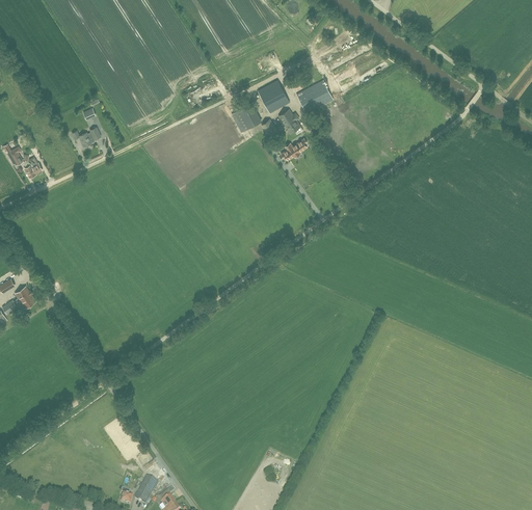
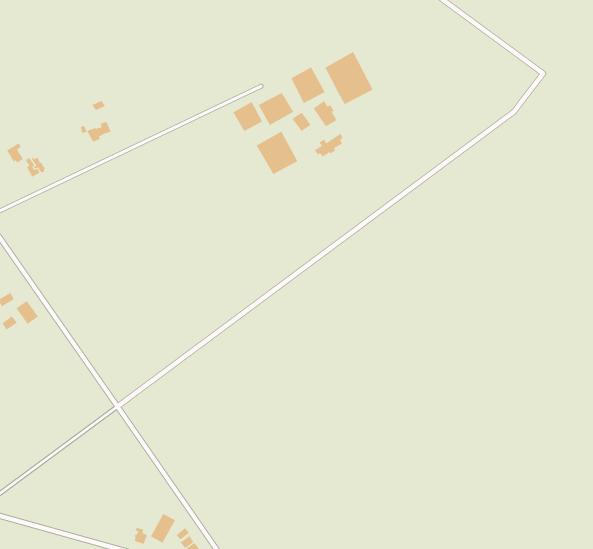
building: none -> [233,101,263,132]
building: none -> [256,131,298,175]

